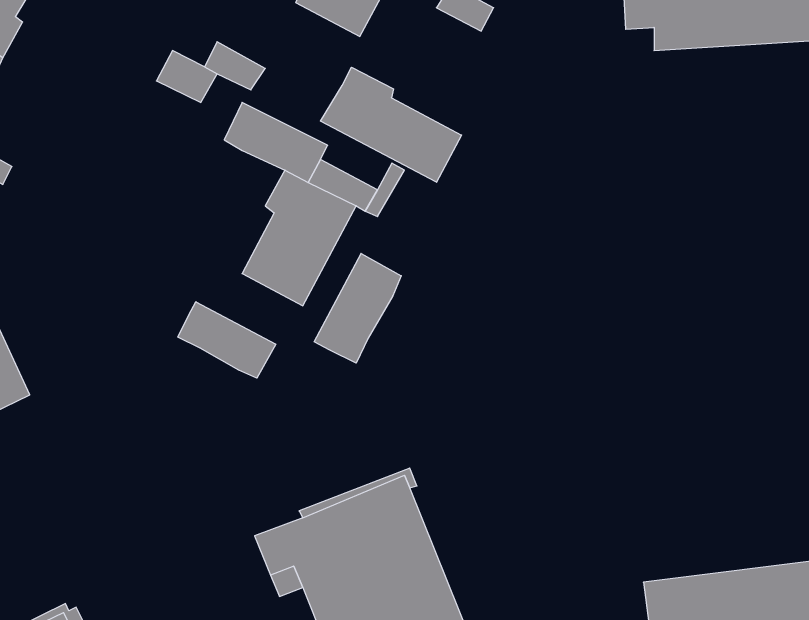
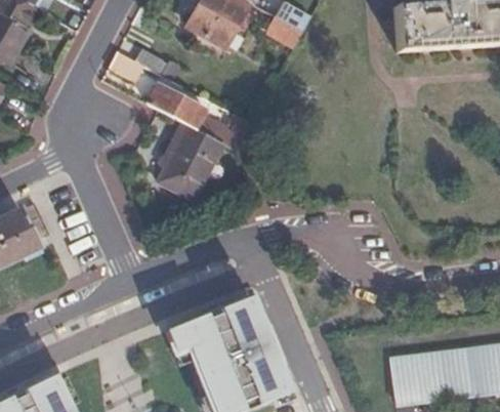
building: [320,67,462,182] -> none
building: [314,253,401,363] -> none
building: [178,302,276,378] -> none

